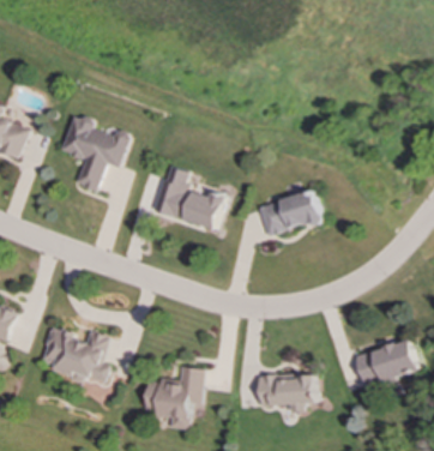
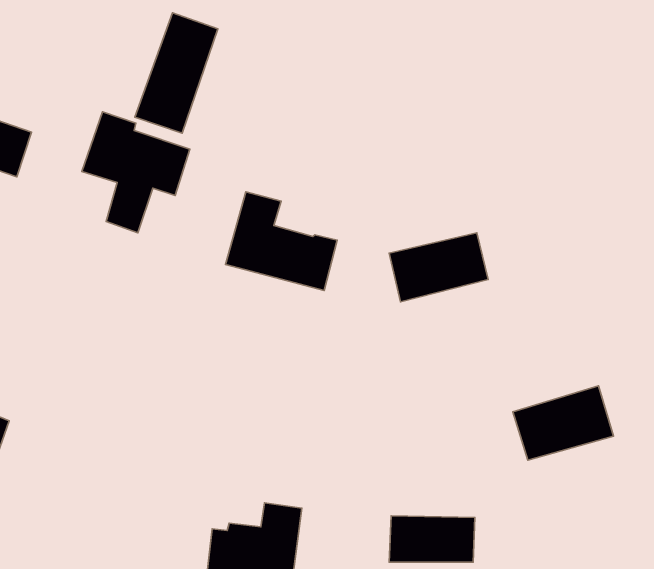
building: none -> [135,13,218,133]
building: [40,326,108,385] -> none
building: [354,339,418,387] -> [513,386,613,460]

